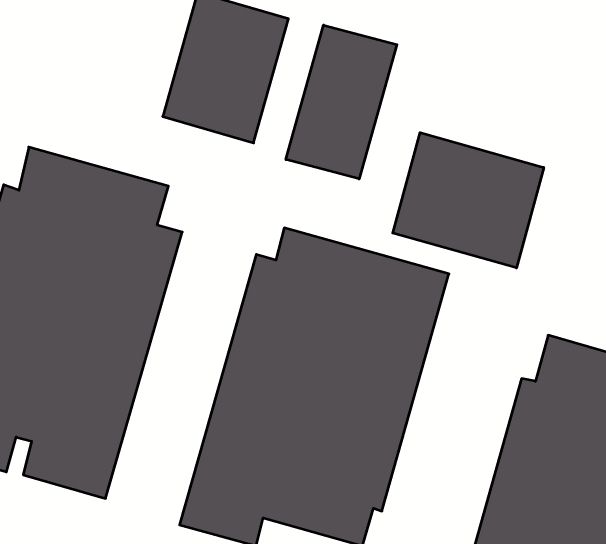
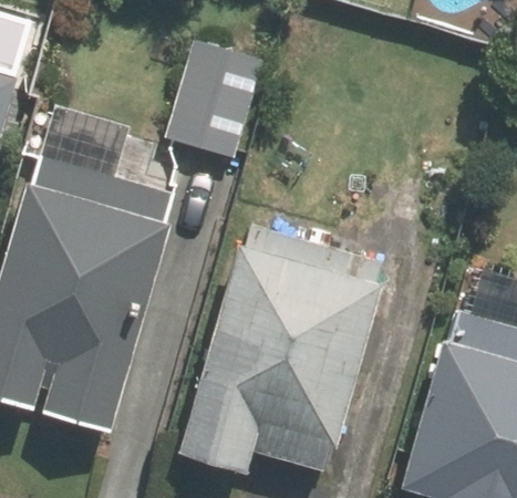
building: [286,25,397,179] -> none
building: [393,133,544,268] -> none

